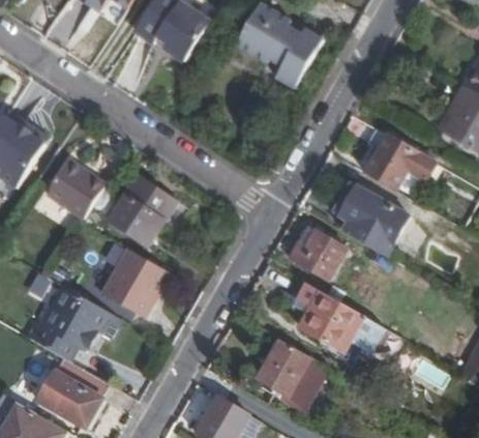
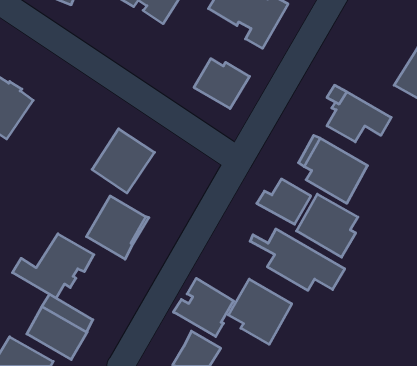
building: none -> [194,59,250,109]
building: [47,159,106,217] -> none
building: none -> [296,194,358,257]
building: none -> [173,278,234,337]

